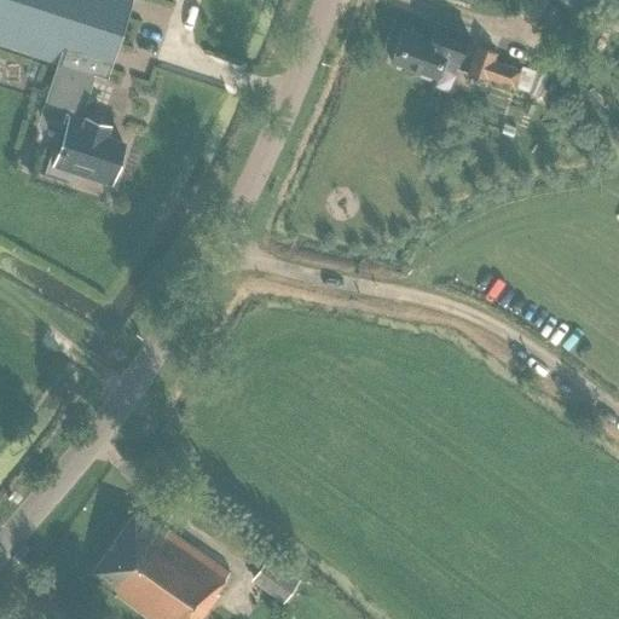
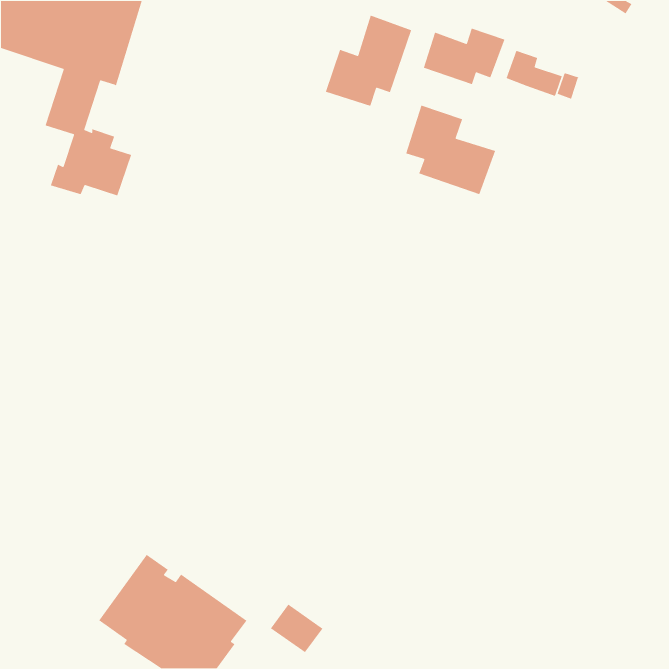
building: none -> [325,15,412,107]
building: none -> [405,105,496,195]

